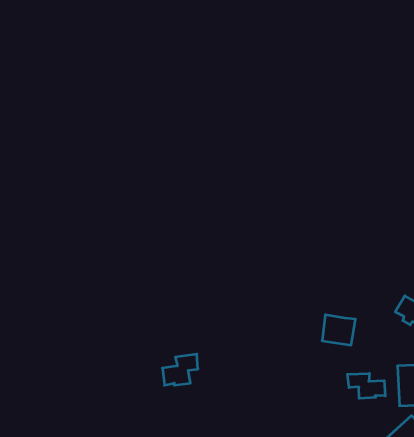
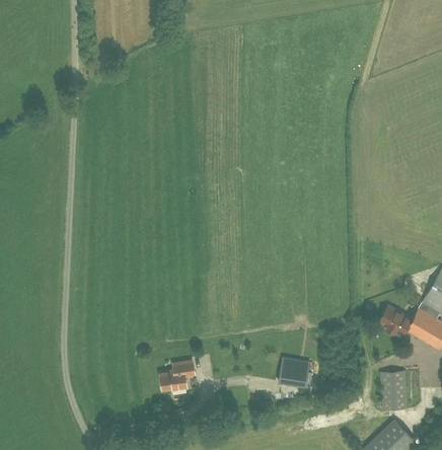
building: [322,315,355,345] -> [279,358,310,386]
building: [347,373,385,398] -> none

